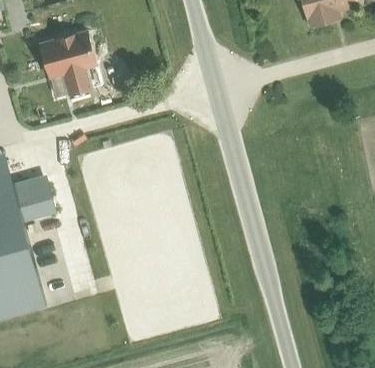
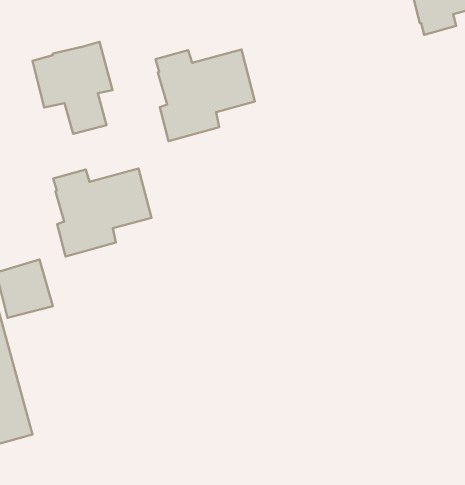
building: none -> [155,50,255,141]
building: none -> [53,168,151,256]

